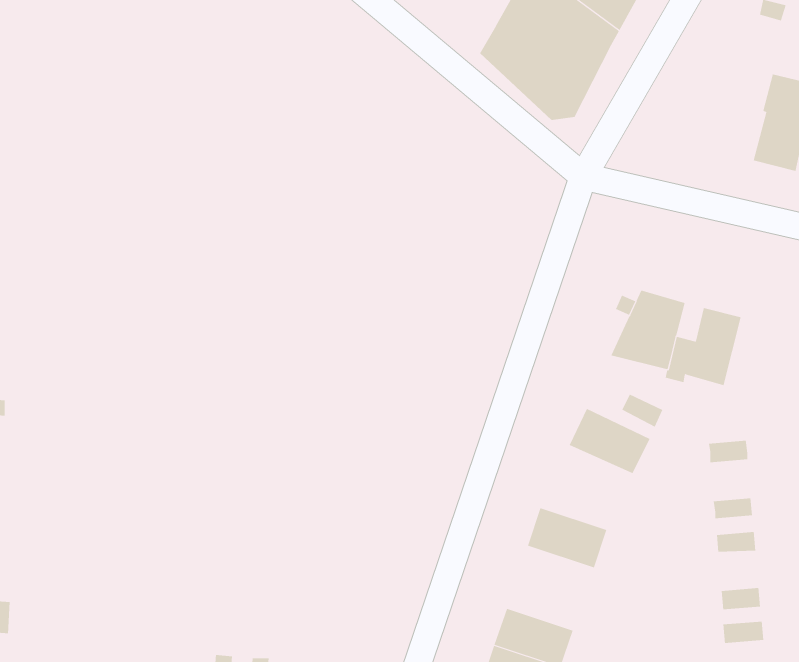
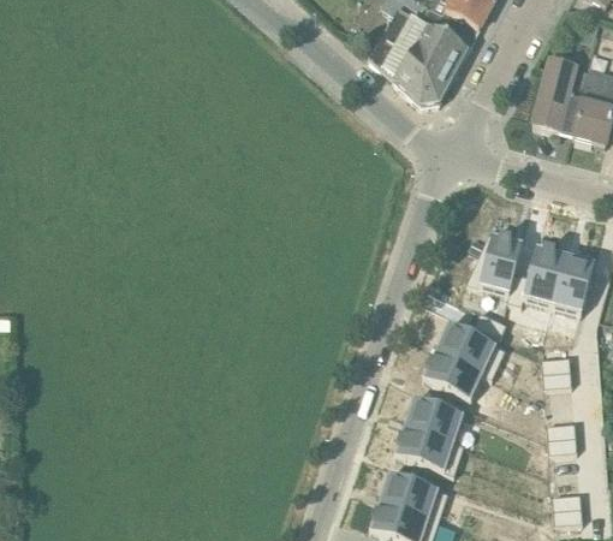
building: none -> [534,60,588,135]
building: none -> [552,252,595,311]
building: none -> [423,349,483,398]
building: none -> [394,424,454,469]

